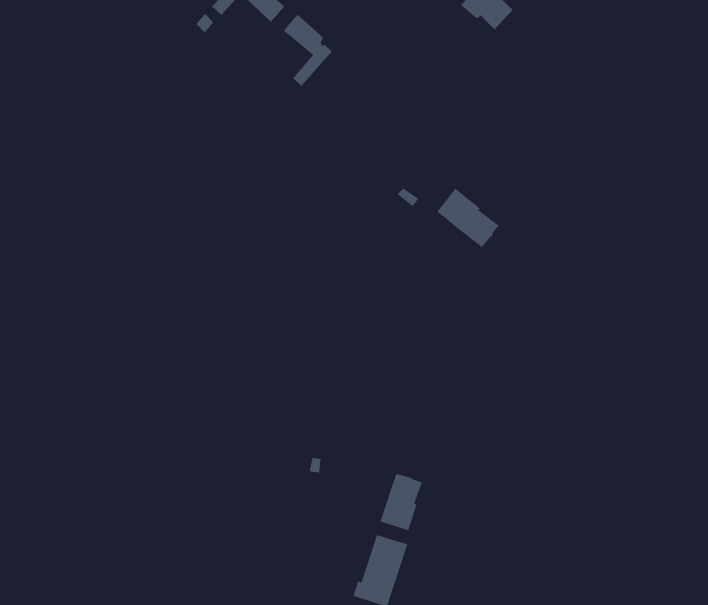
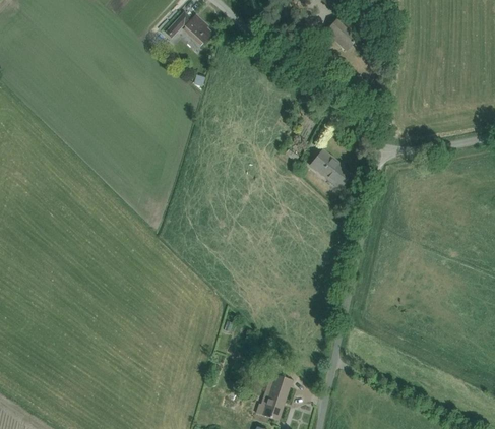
building: [283,14,332,87] -> none
building: [380,473,423,531] -> none

